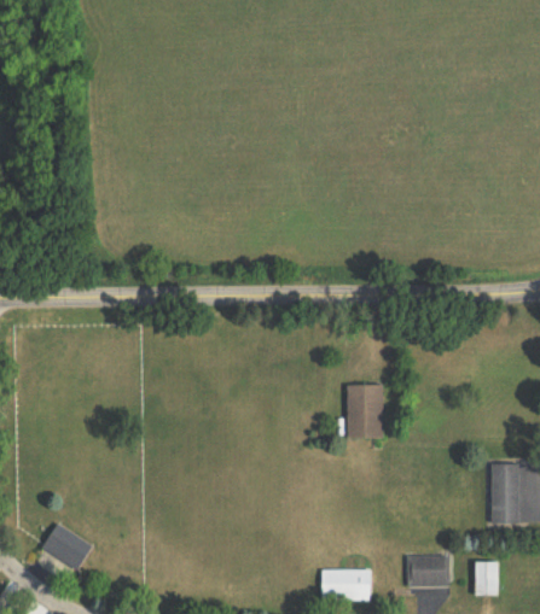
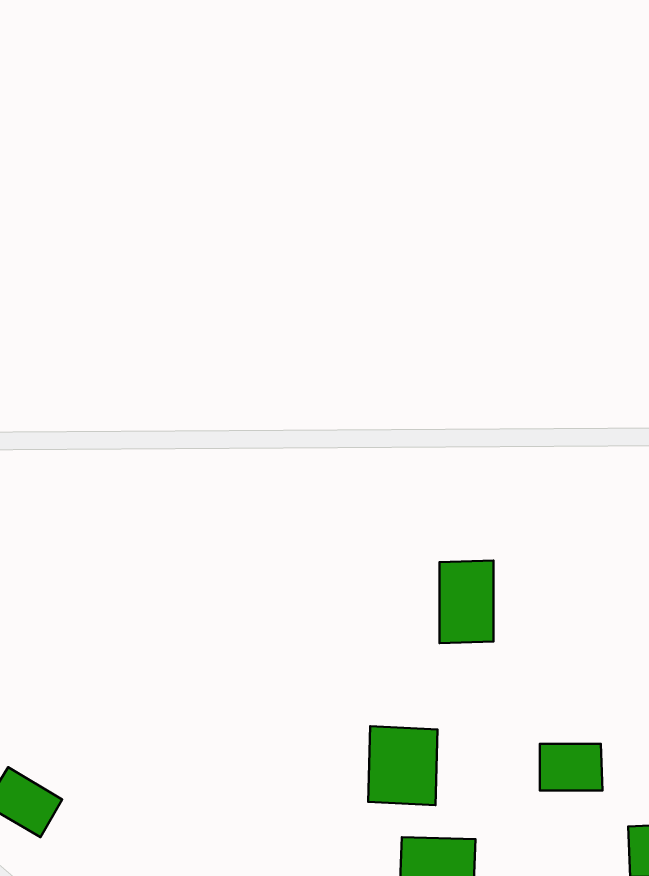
building: none -> [368,726,437,805]
building: [408,556,451,587] -> [540,744,603,791]

